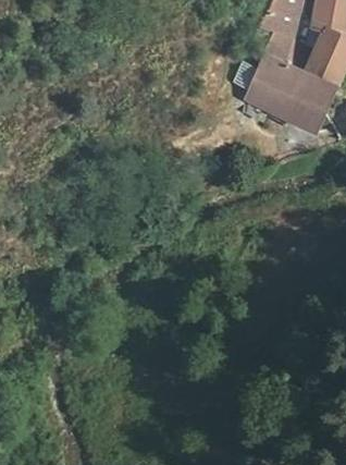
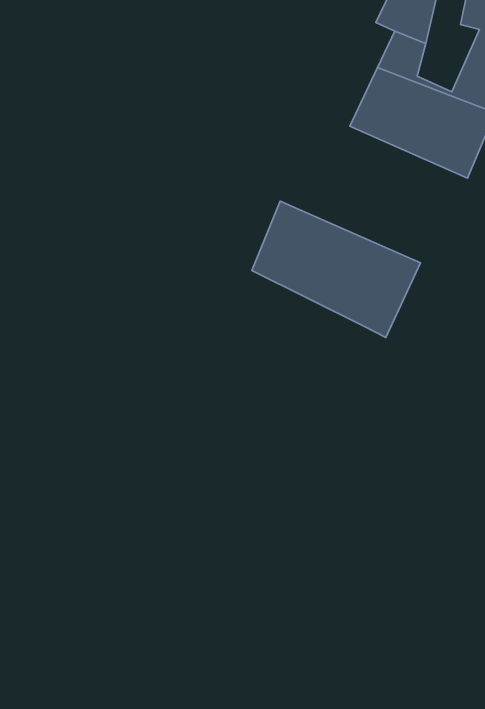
building: none -> [252,201,420,338]

